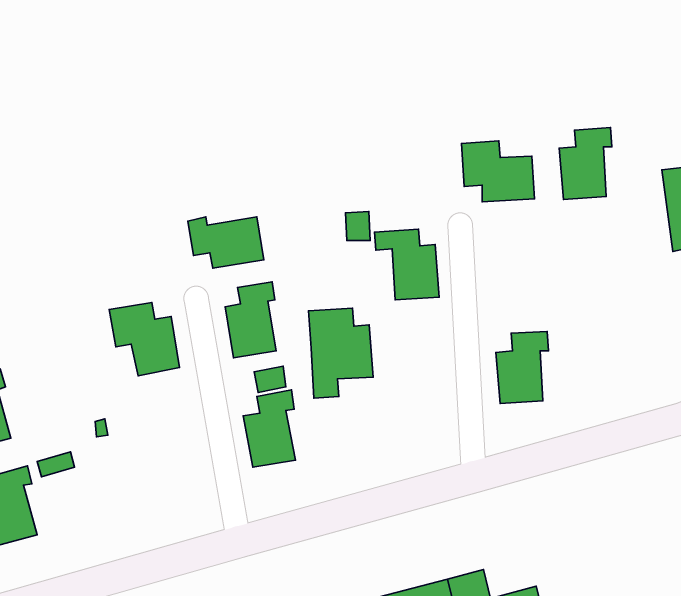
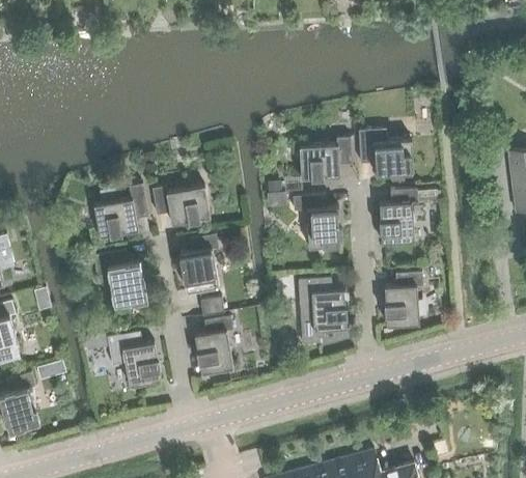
building: [559,127,612,199] -> [379,189,418,243]
building: none -> [299,137,352,179]
building: none -> [93,184,148,236]
building: [308,308,373,398] -> [298,277,347,344]
building: none -> [107,332,161,386]

